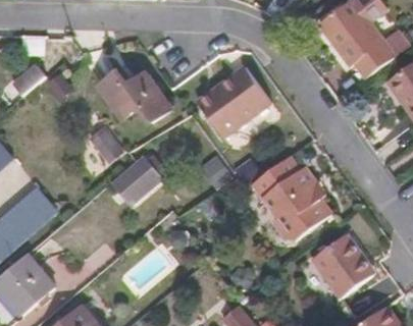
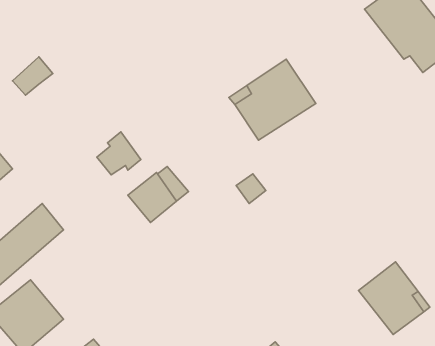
building: [99,72,172,123] -> none
building: [252,154,330,238] -> none

